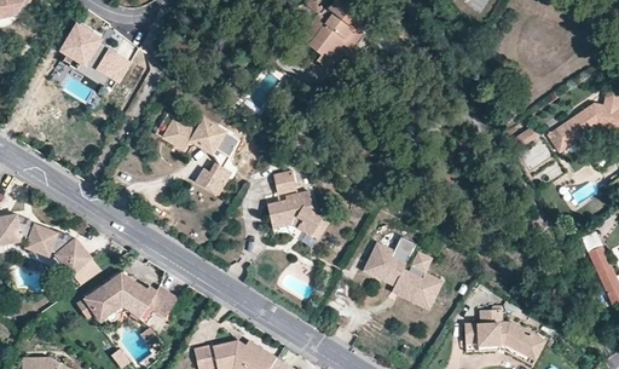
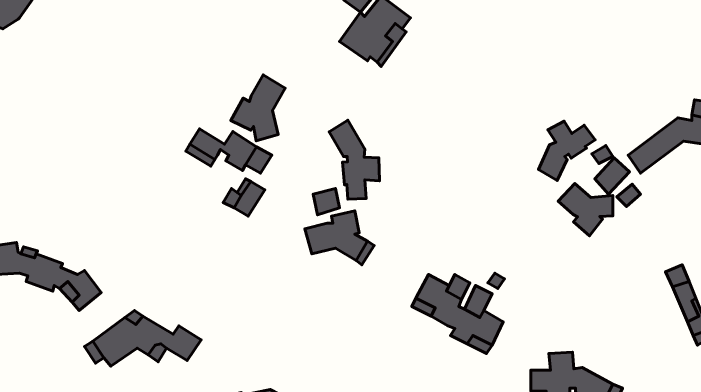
building: [62,25,131,86] -> none
building: none -> [231,75,285,141]
building: none -> [329,120,380,199]
building: none -> [538,121,595,181]
building: none -> [558,184,613,236]

